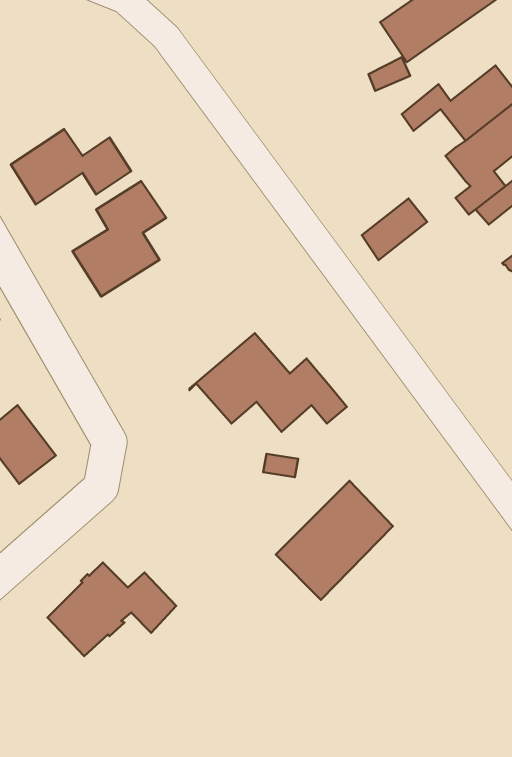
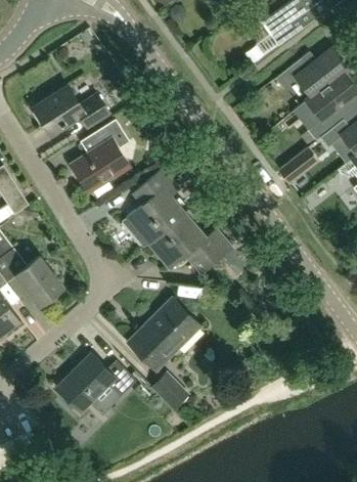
building: [362,198,427,260] -> [277,147,317,185]
building: none -> [123,169,184,247]
building: [276,481,393,600] -> [128,297,199,369]
building: none -> [149,371,188,410]

